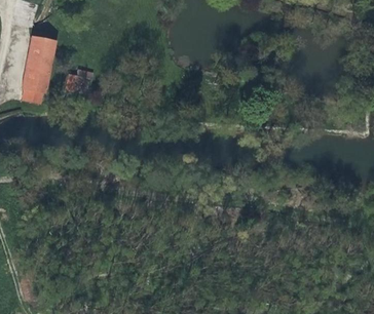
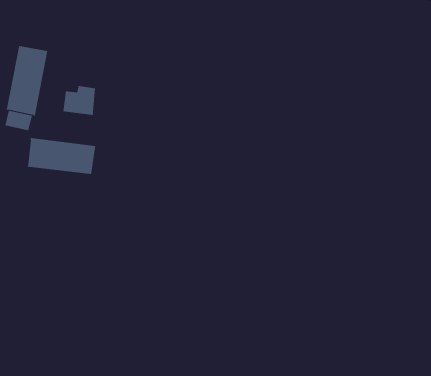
building: none -> [27,137,96,175]

